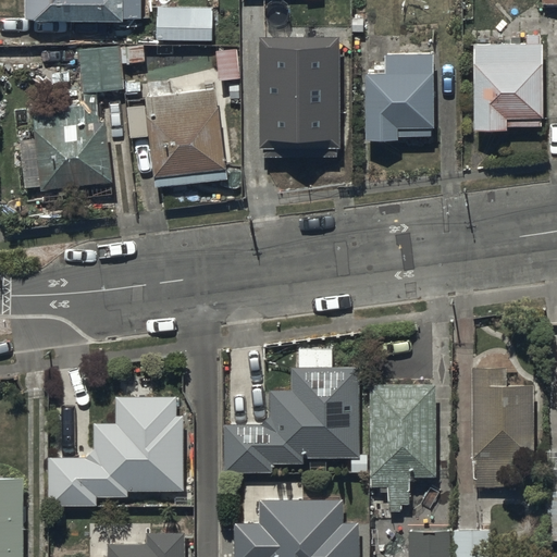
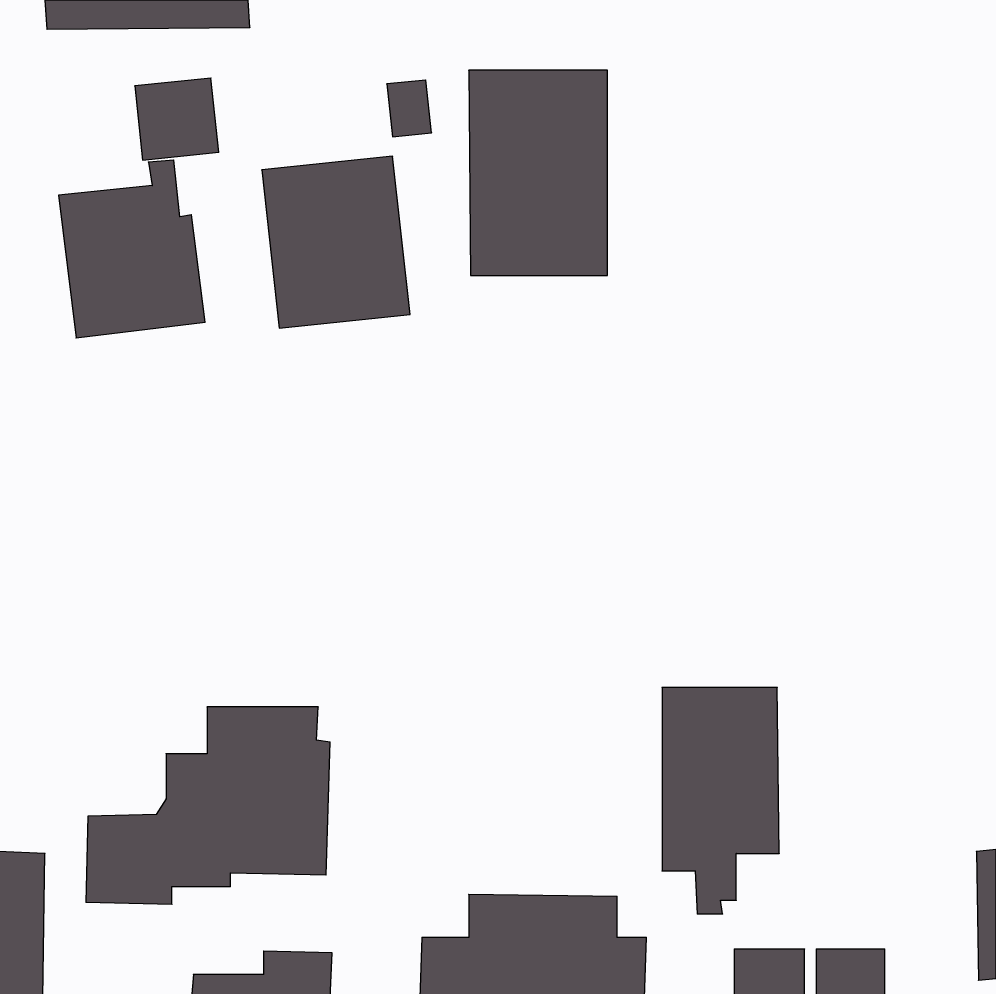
building: [160,7,210,40] -> none
building: [474,35,541,132] -> none
building: [367,53,433,138] -> none
building: [224,347,366,473] -> none
building: [471,367,533,486] -> none

